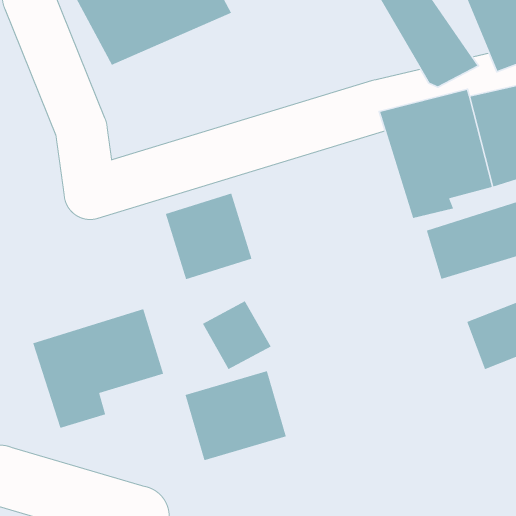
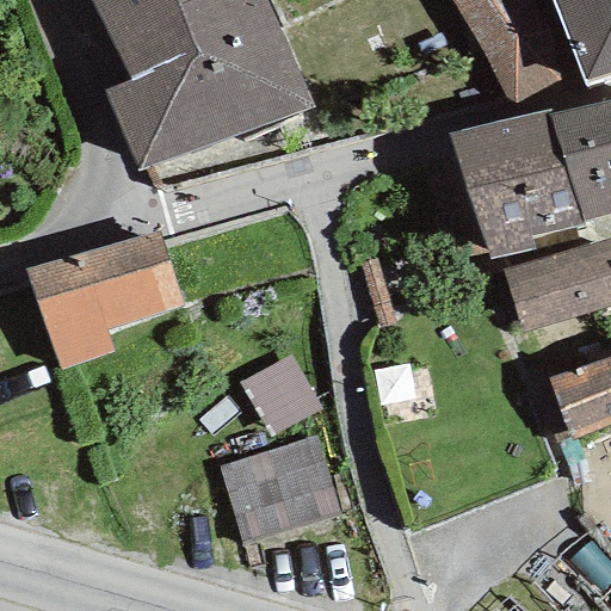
building: none -> [104,16,316,171]
building: [165,192,253,280] -> none
building: [32,308,164,429] -> [27,227,183,369]

